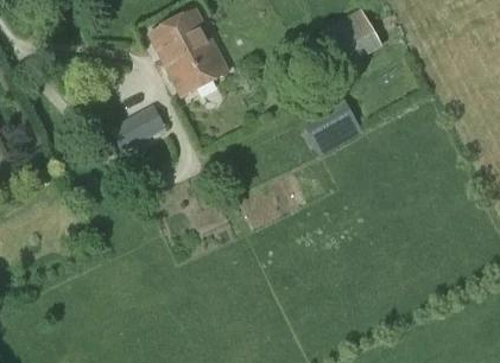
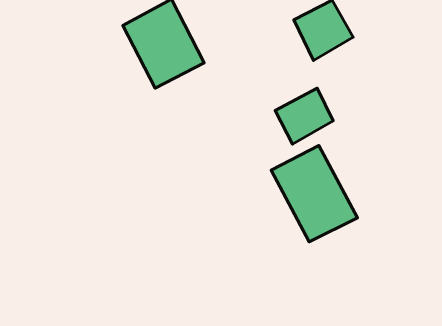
building: [110,106,166,153] -> none
building: none -> [271,146,358,242]

